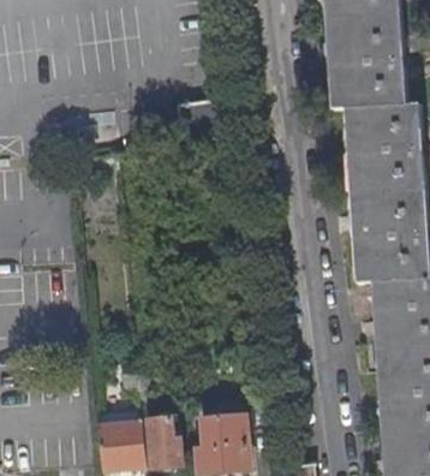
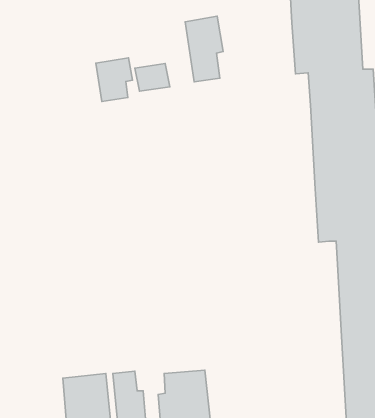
building: none -> [185,16,223,82]
building: none -> [96,58,132,101]

